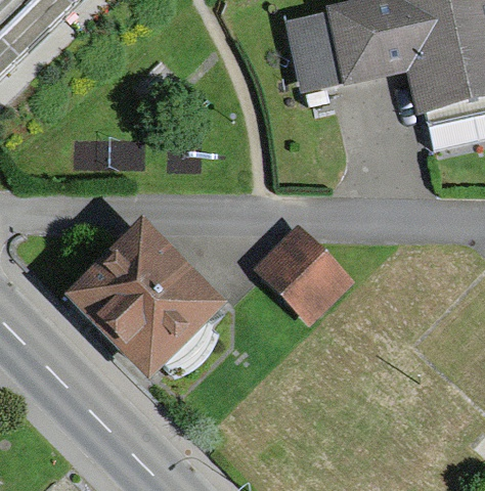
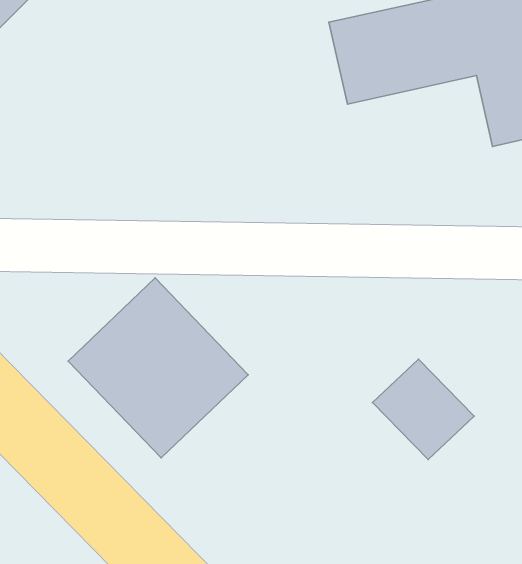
building: [261,227,345,310] -> [372,359,474,460]

